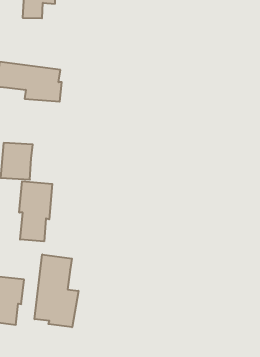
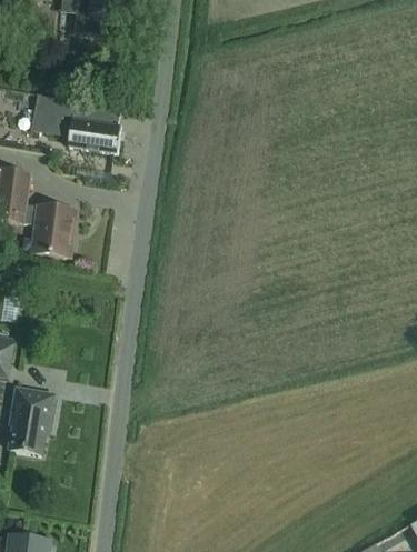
building: [19,181,52,241] -> none
building: [35,254,78,327] -> none

